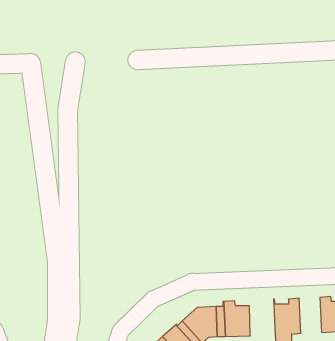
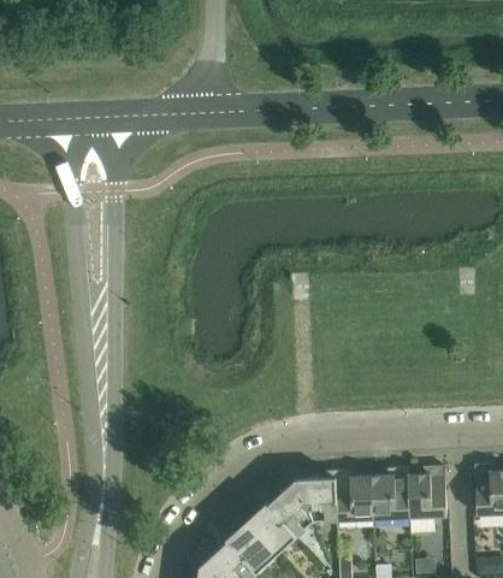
building: none -> [372,467,409,520]

